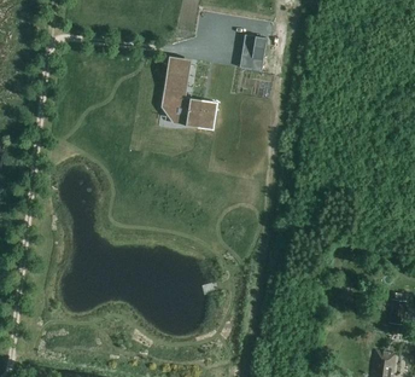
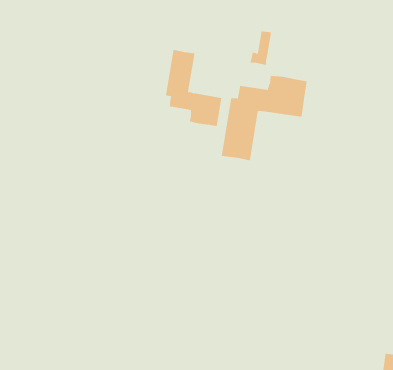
building: none -> [221,75,307,161]

